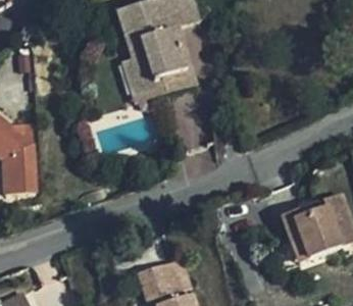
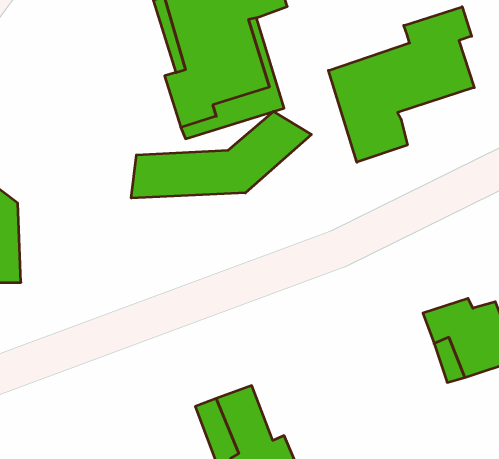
building: none -> [328,7,474,162]
building: none -> [131,111,311,198]

